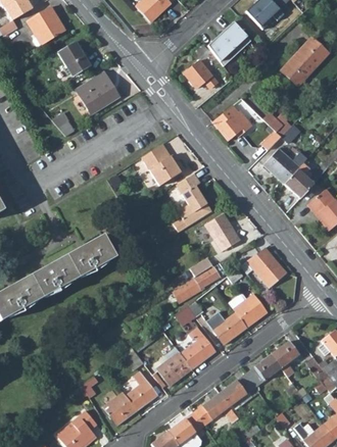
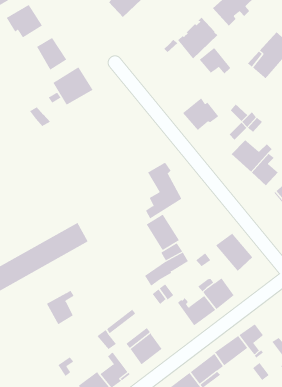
building: [184,60,218,89] -> [199,47,231,74]
building: [141,144,185,186] -> none
building: [206,211,242,250] -> [146,214,180,251]
building: none -> [46,290,74,325]
building: [181,328,215,368] -> none

